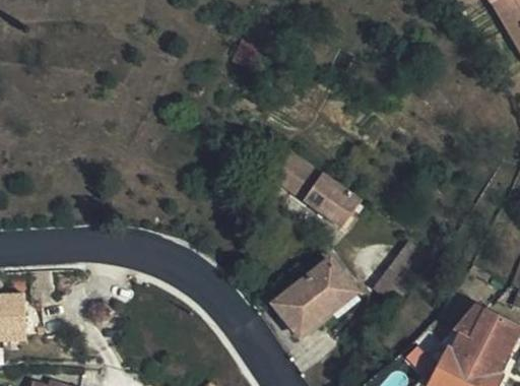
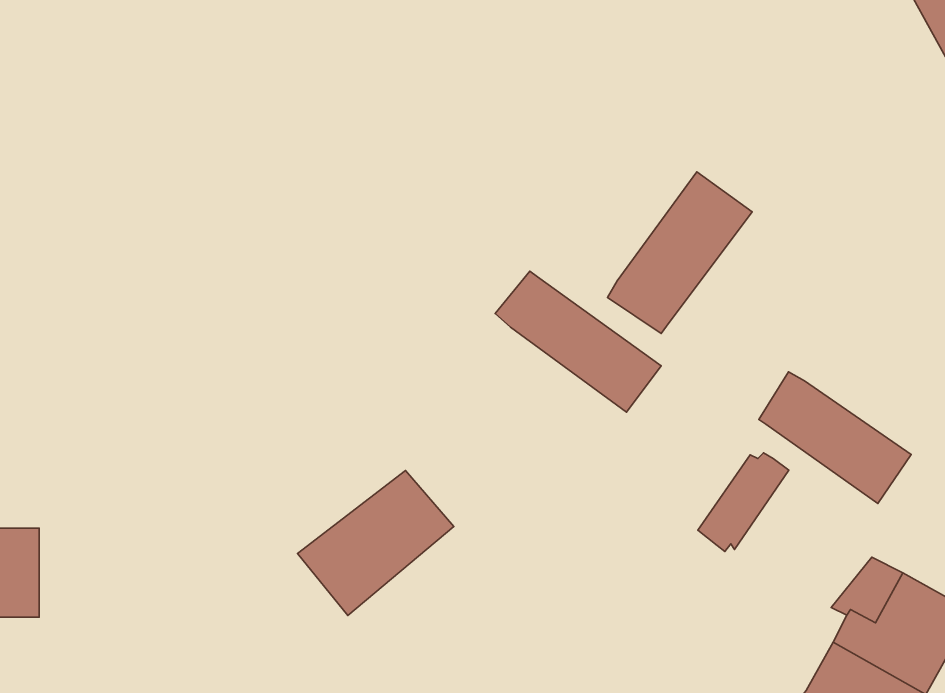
building: none -> [607,172,752,333]
building: none -> [759,372,911,504]
building: [272,259,354,335] -> [297,470,454,615]

